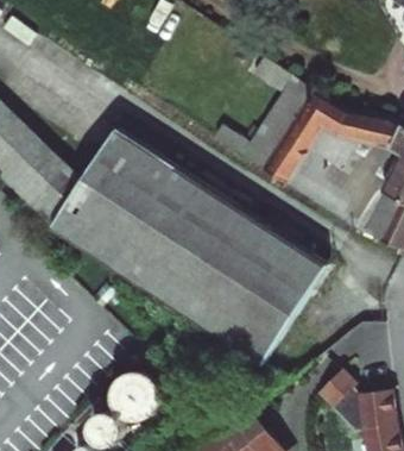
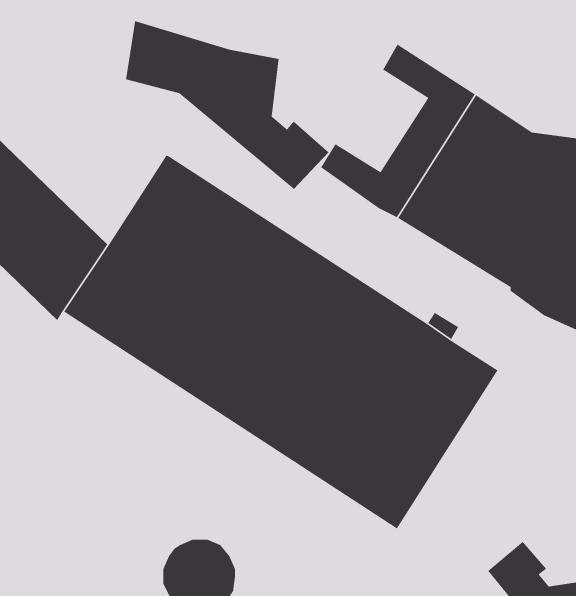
building: none -> [125,20,330,190]

